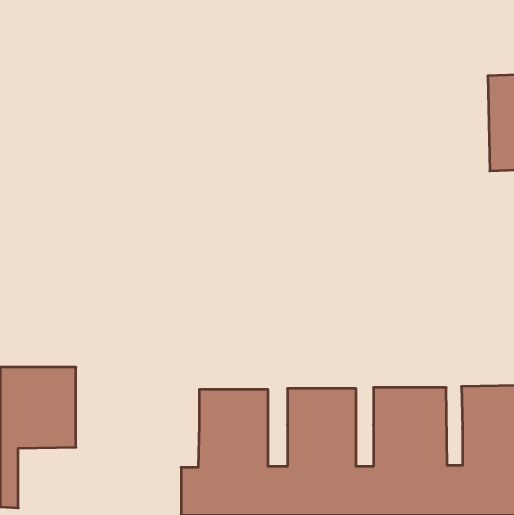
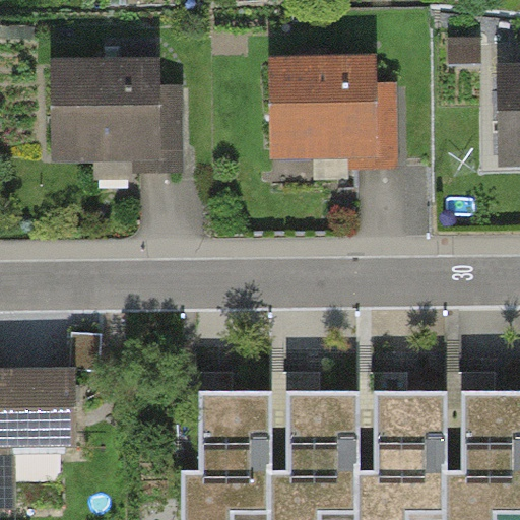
building: none -> [44,66,178,178]
building: none -> [265,66,399,177]

